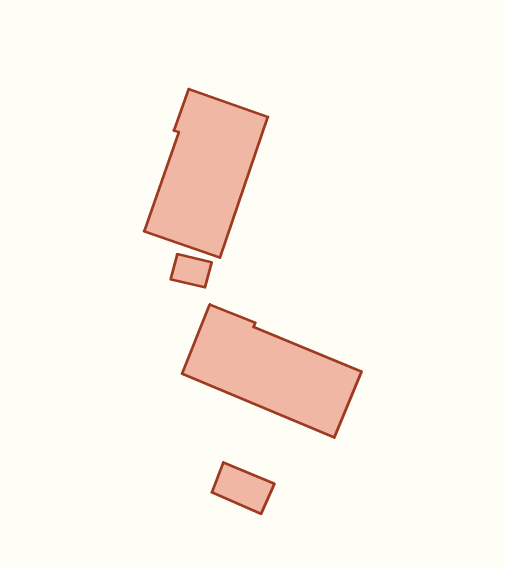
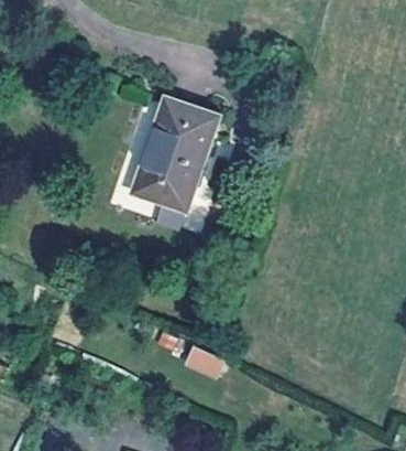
building: [182,304,361,438] -> none

